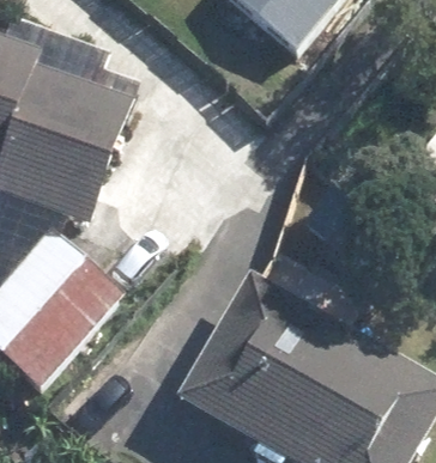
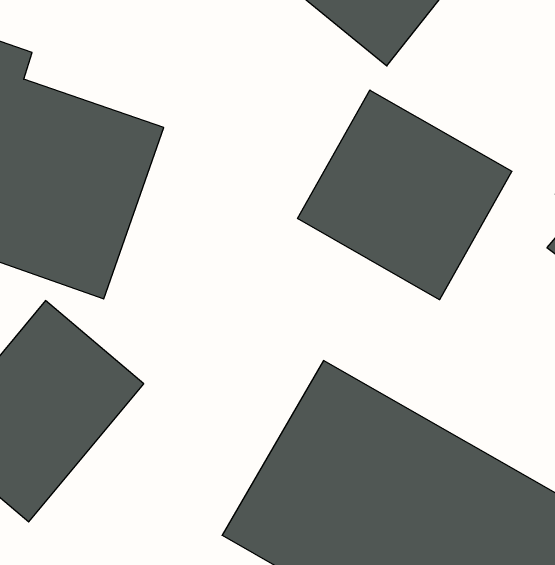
building: none -> [298,90,512,300]

